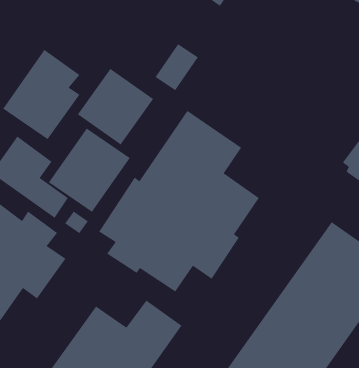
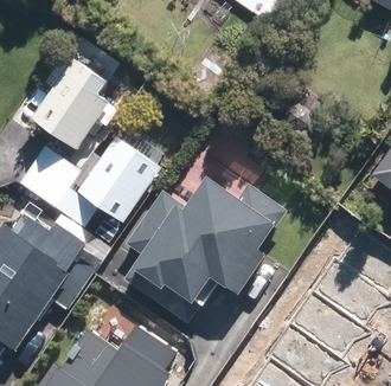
building: [77,68,154,145] -> none

